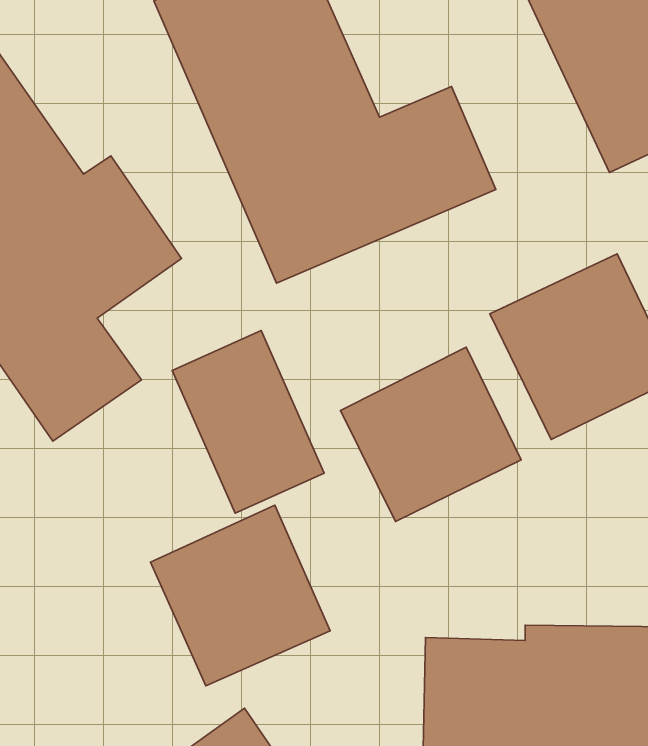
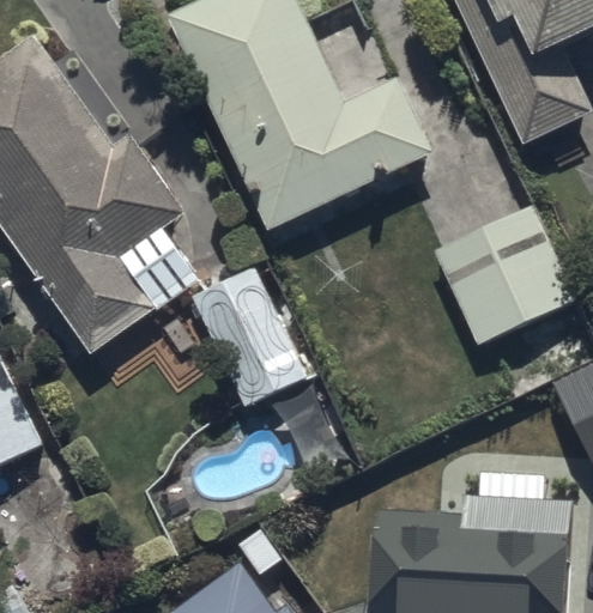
building: [340,347,521,521] -> none
building: [150,505,330,686] -> none

